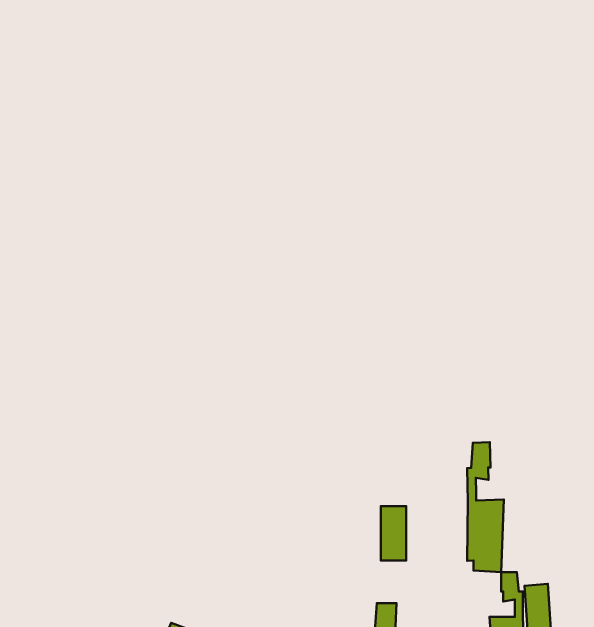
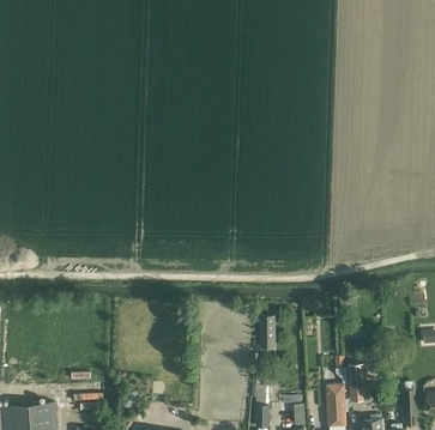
building: [467,442,504,572] -> none

